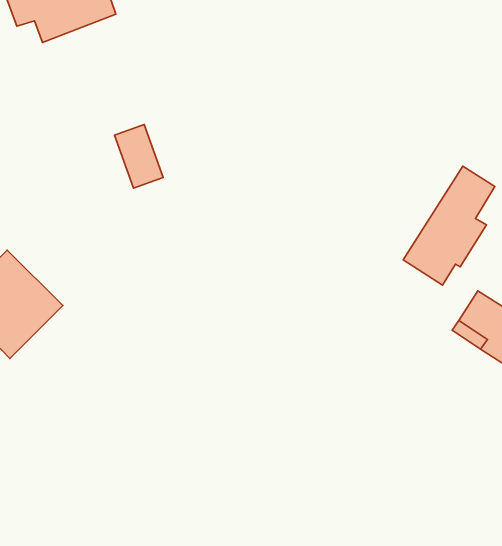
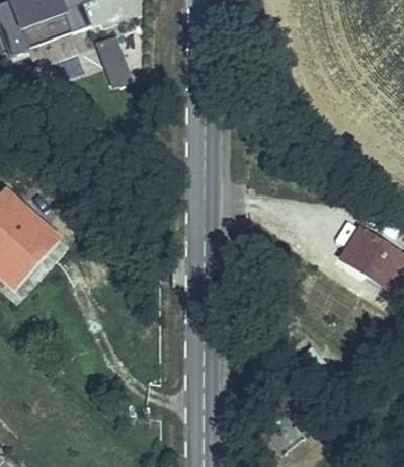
building: [114,124,163,188] -> [93,33,130,81]
building: [403,166,495,285] -> none

